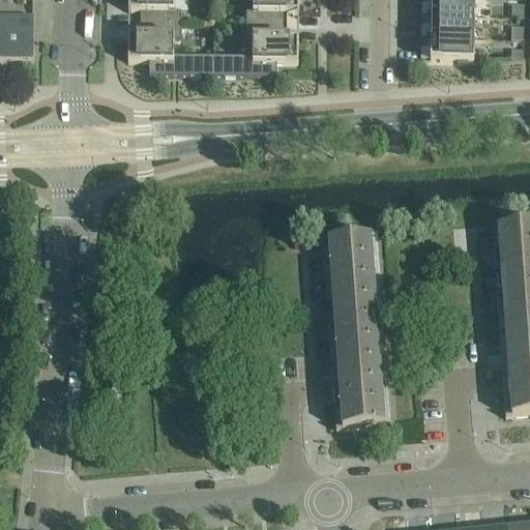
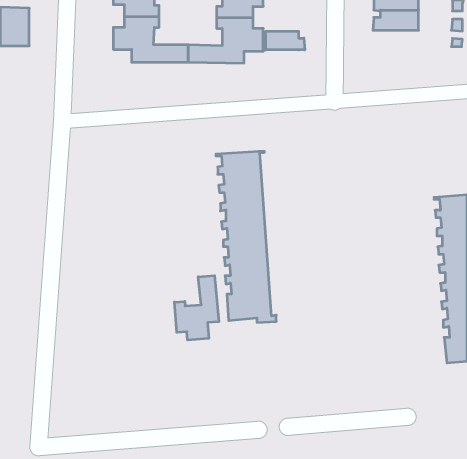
building: [422,34,490,57] -> none
building: none -> [266,31,305,50]
building: [322,233,390,426] -> [216,151,276,322]
building: none -> [174,276,219,340]

